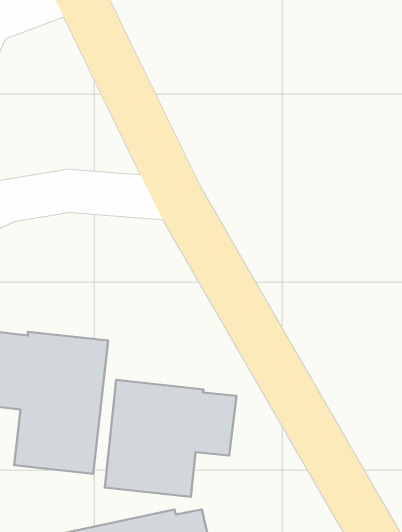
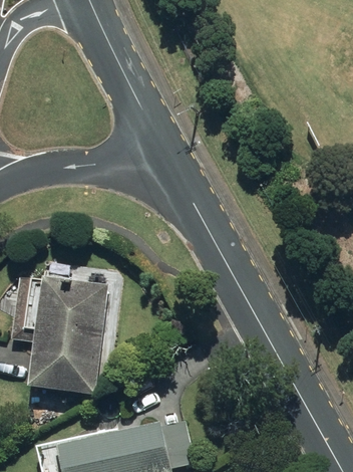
building: [105,380,236,497] -> none

